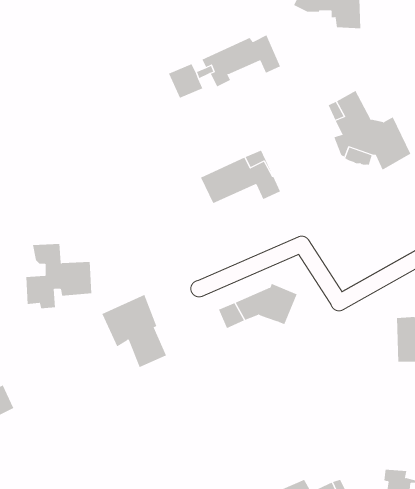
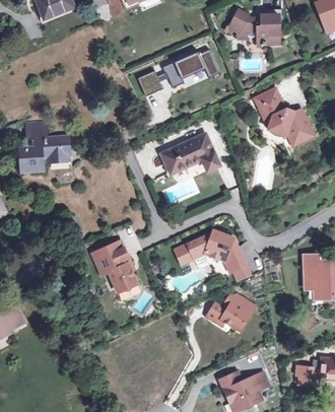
building: [25,243,92,309] -> [21,123,70,170]
building: none -> [223,238,245,273]
building: none -> [207,300,251,330]

